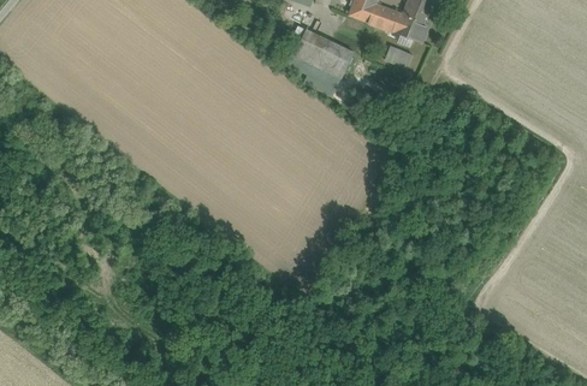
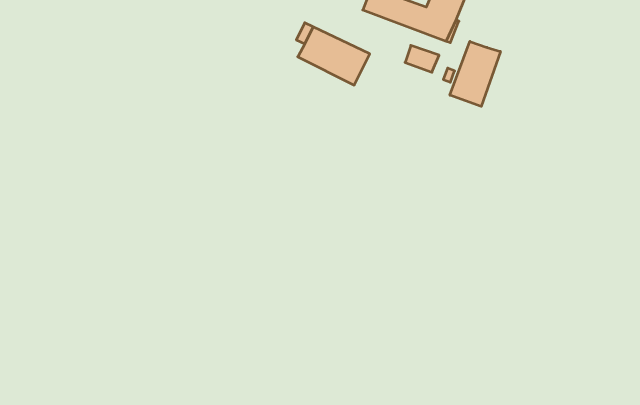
building: none -> [450,41,500,106]

